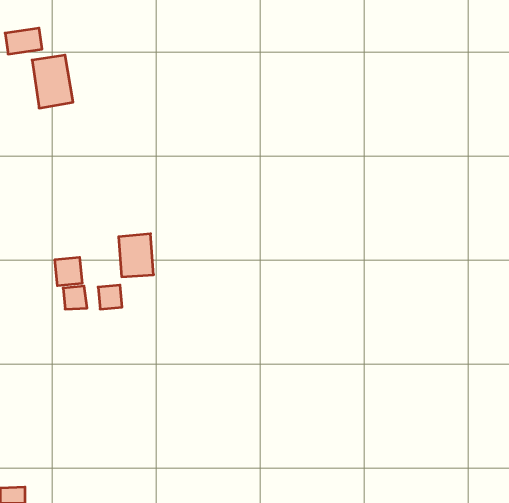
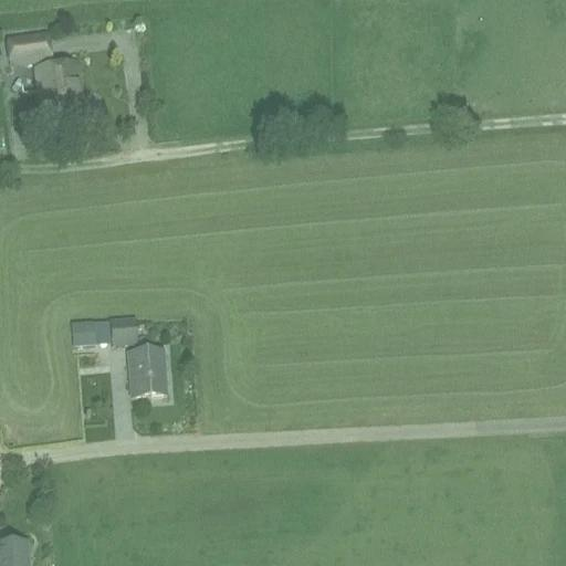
building: [119,234,154,277] -> [128,346,167,394]
building: [55,257,82,286] -> none

